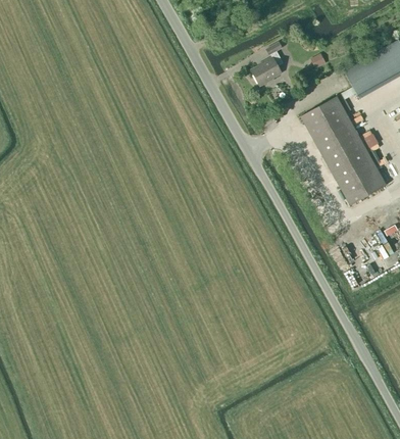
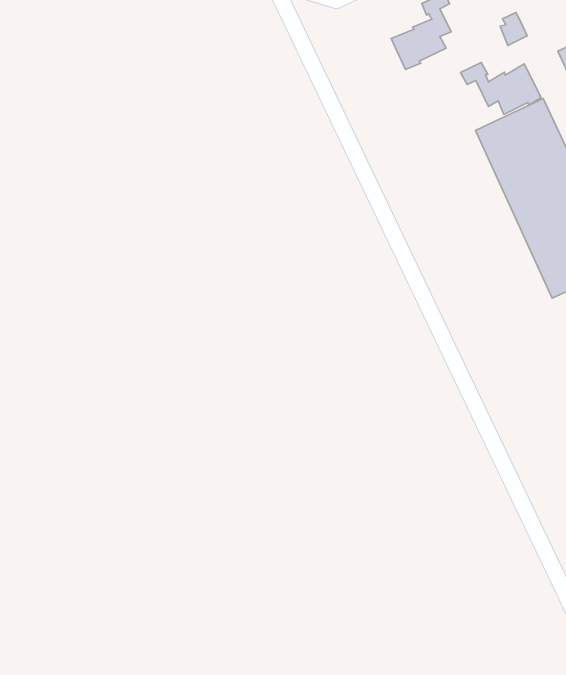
building: none -> [460,62,541,114]

